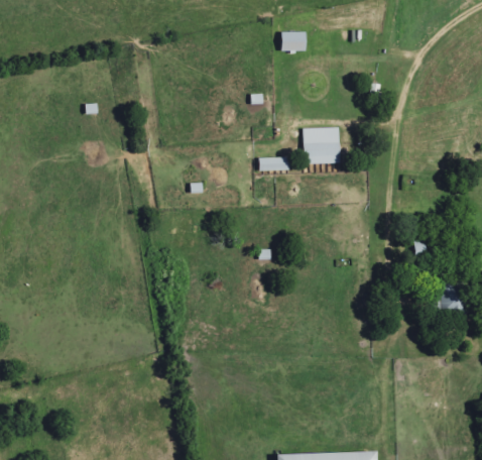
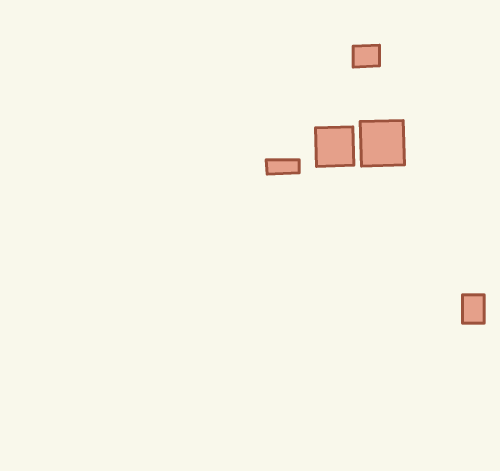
building: [282,31,307,51] -> [353,45,379,67]
building: none -> [360,120,405,166]

